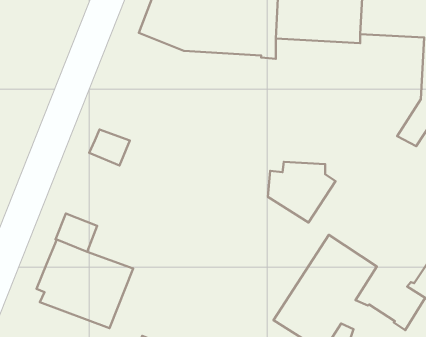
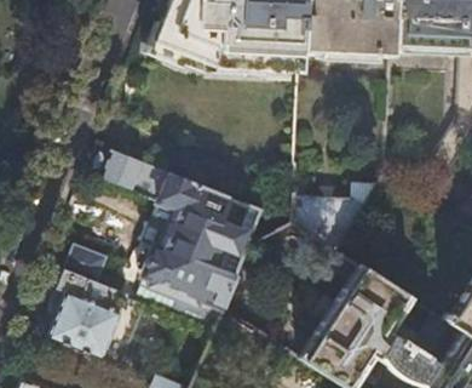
building: none -> [138,172,244,326]

